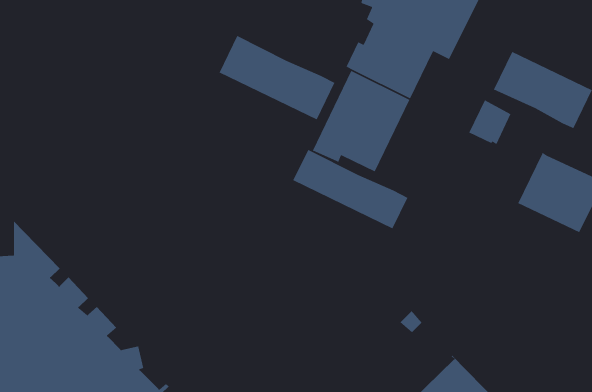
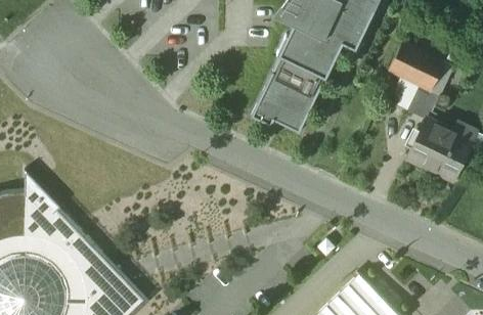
building: [219,35,336,121] -> none
building: [468,99,512,145] -> [407,85,440,120]
building: [292,149,408,229] -> none

